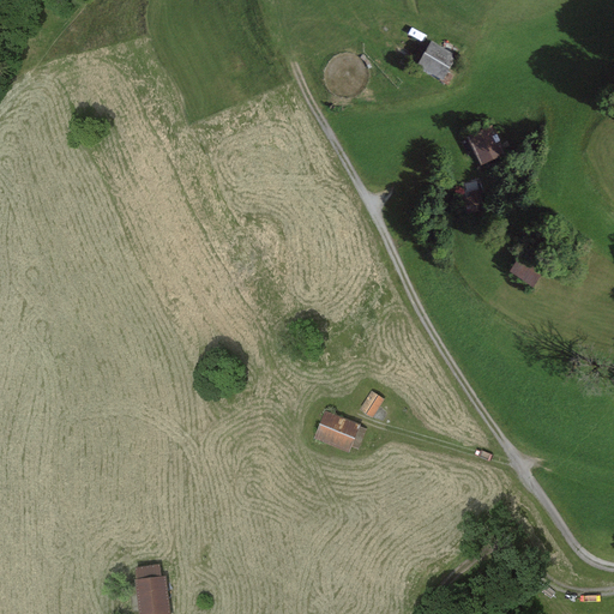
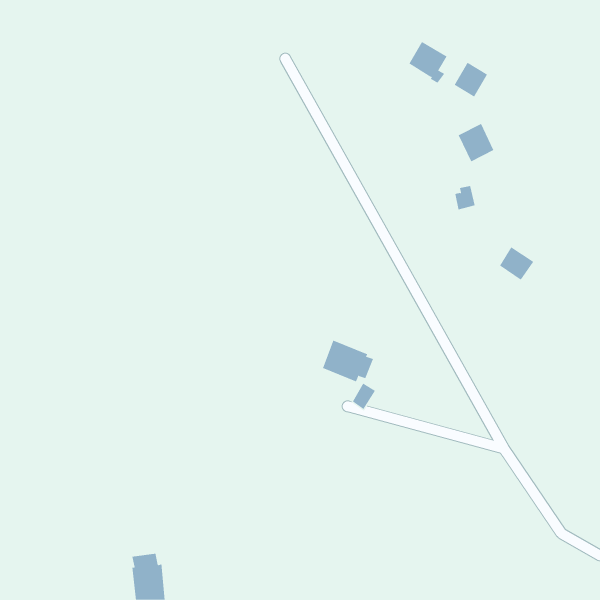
building: none -> [454,62,488,98]
building: [314,410,367,453] -> [322,340,374,382]

